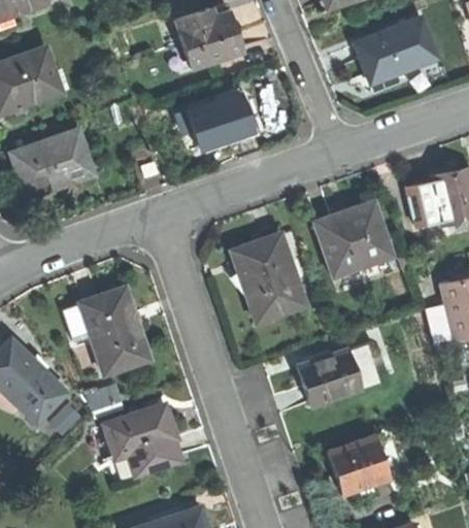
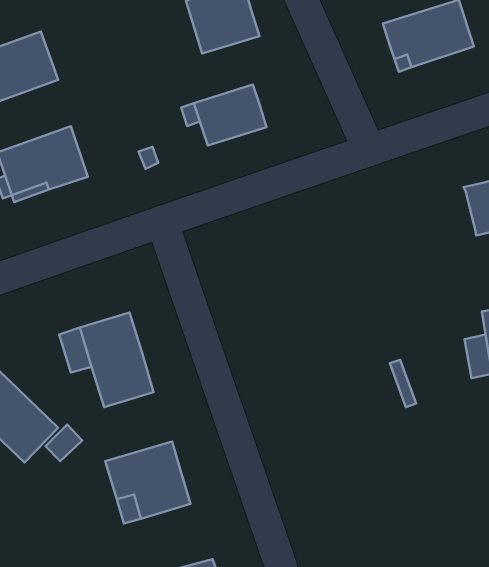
building: [403,184,437,224] -> none
building: [315,211,394,278] -> none
building: [234,236,306,323] -> none
building: [299,352,363,406] -> none
building: [328,438,390,494] -> none

